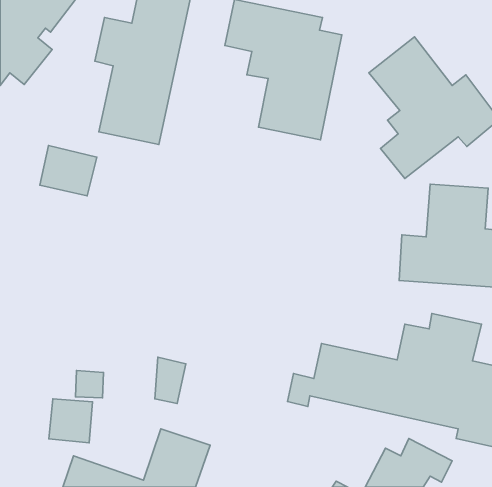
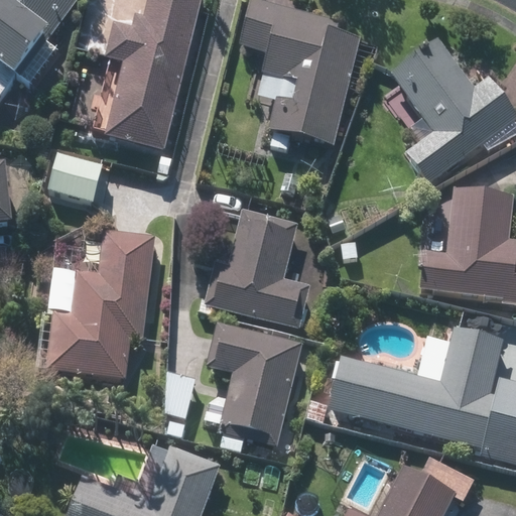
building: none -> [204,206,312,327]
building: none -> [42,232,153,378]
building: none -> [206,321,302,445]
building: [49,399,93,443] -> none

